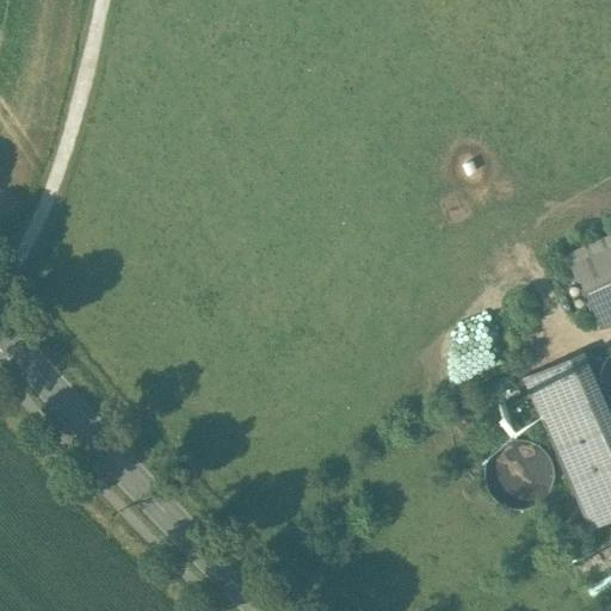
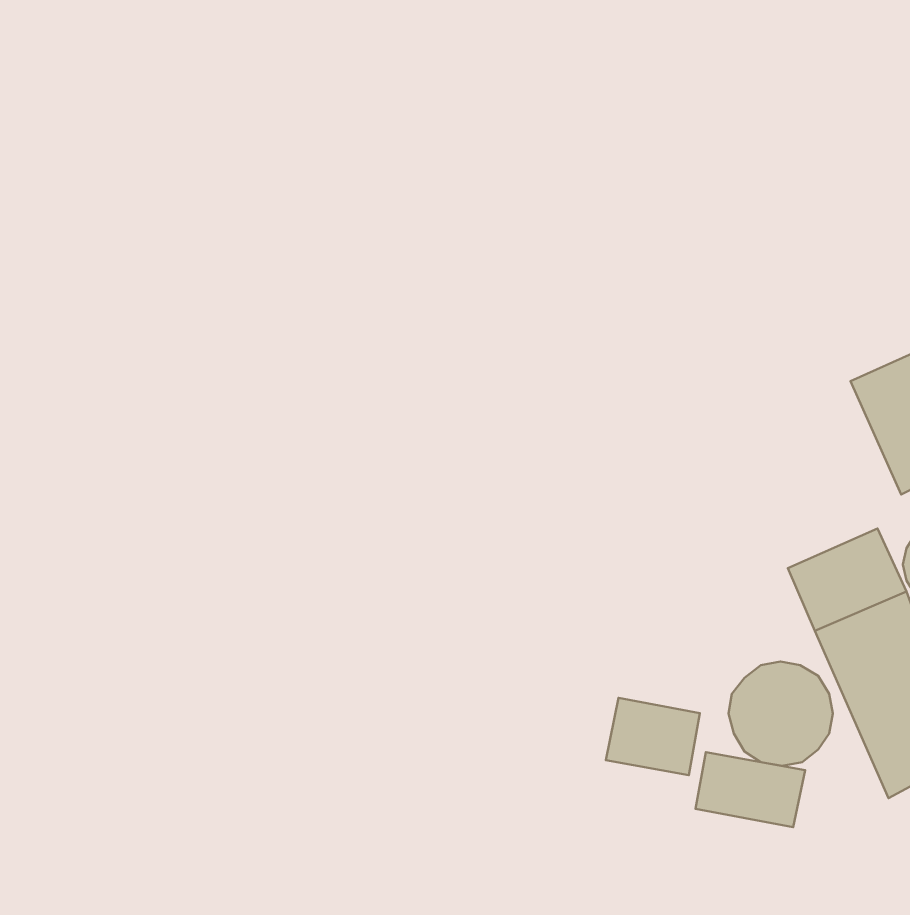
building: none -> [606,698,700,775]
building: none -> [696,752,805,827]

